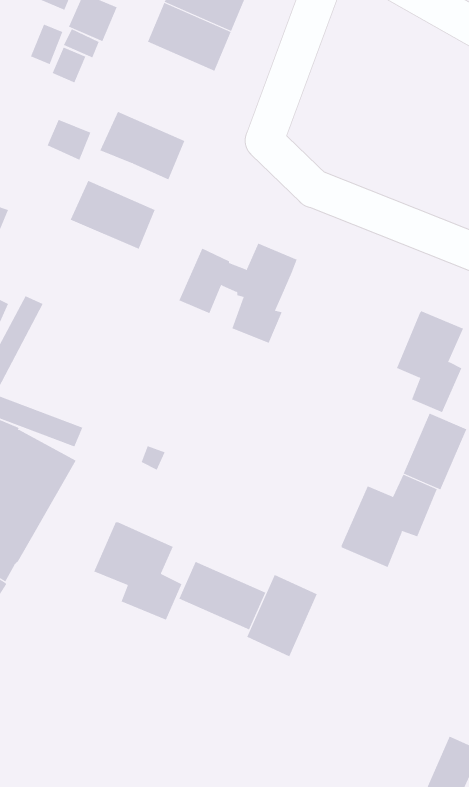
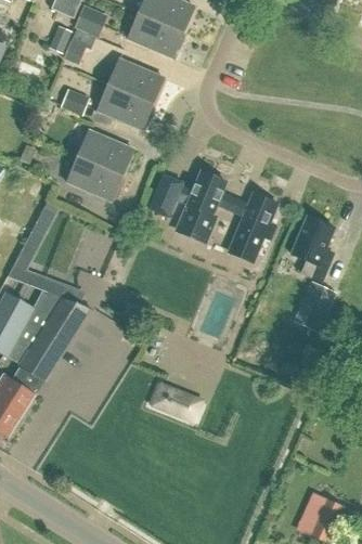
building: none -> [107,57,163,103]
building: none -> [65,155,121,200]
building: none -> [216,190,277,263]
building: [341,474,437,568] -> none
building: [93,521,182,620] -> none
building: [246,574,318,657] -> none

